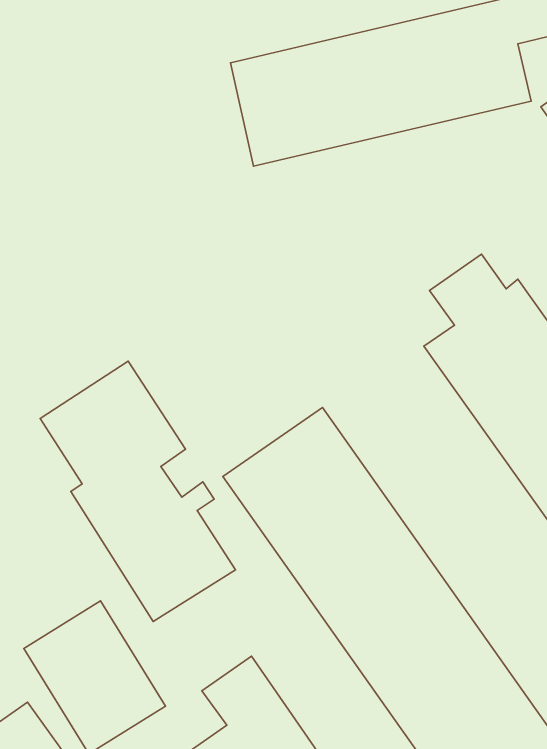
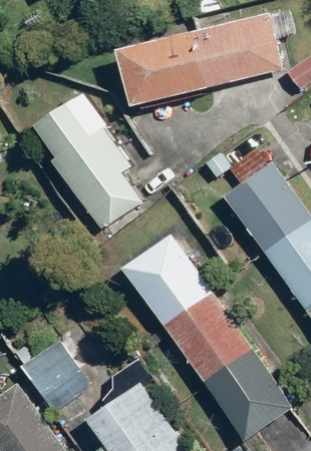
building: [40,361,235,622] -> [35,93,137,230]

